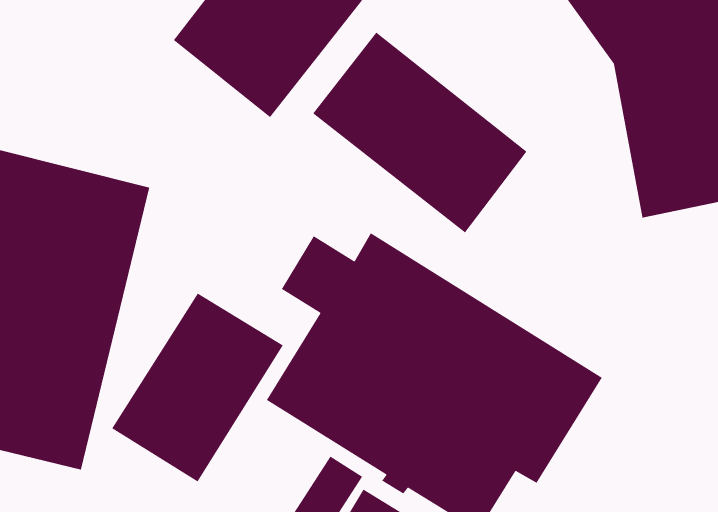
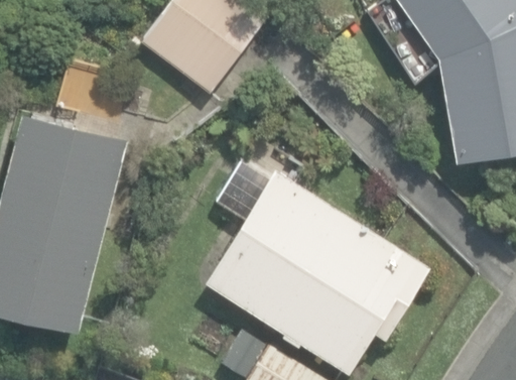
building: [312,31,527,233] -> none
building: [111,293,284,483] -> none

